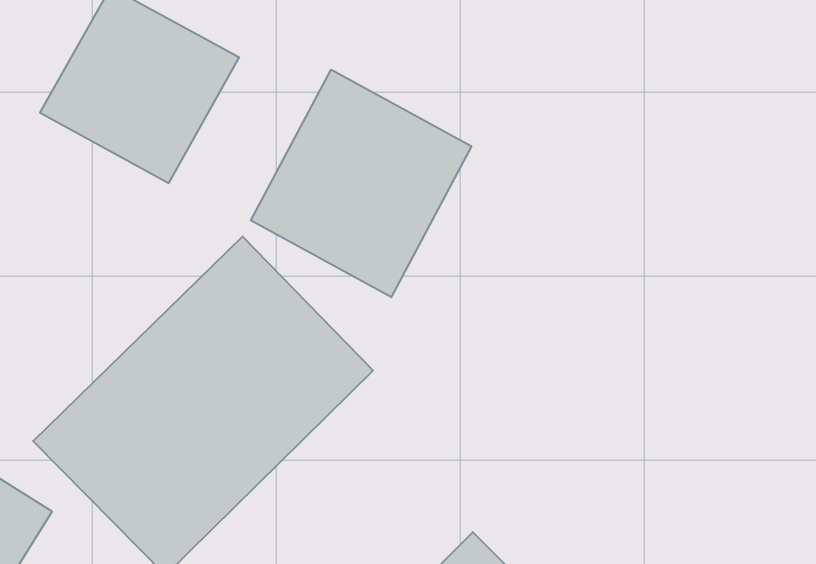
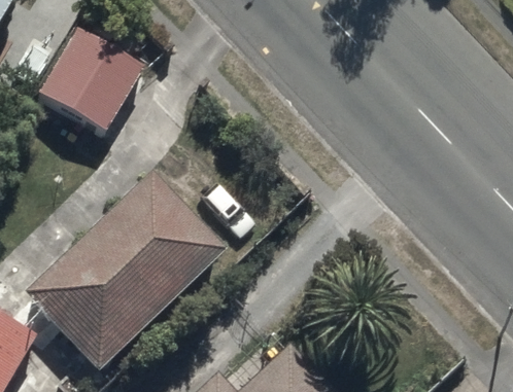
building: [251,70,472,297] -> none

